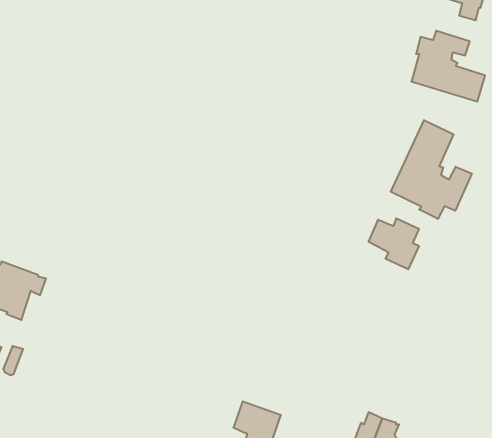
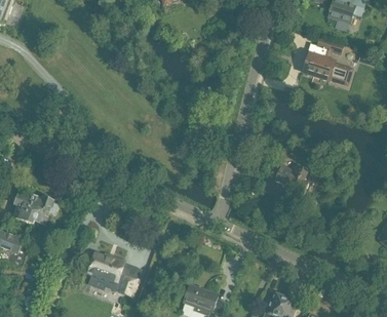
building: [391,120,472,219] -> none
building: none -> [88,251,139,295]

